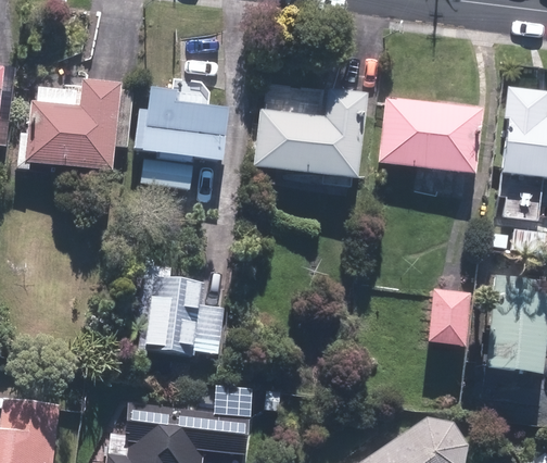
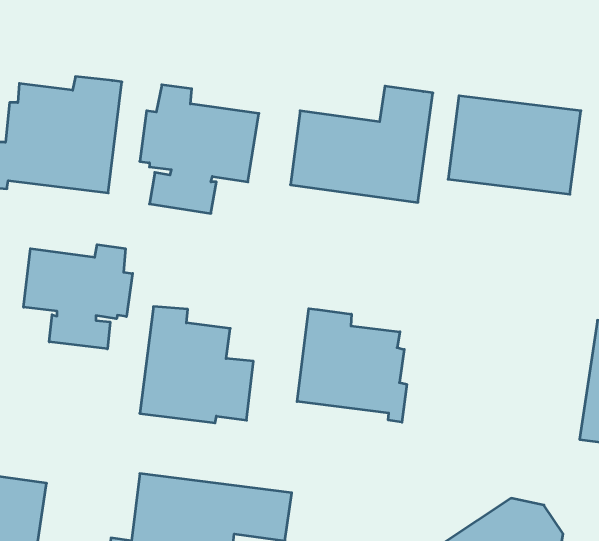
building: none -> [24,245,133,349]
building: none -> [297,309,407,422]
building: [427,288,471,348] -> none

